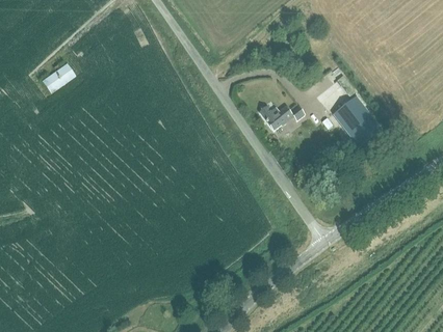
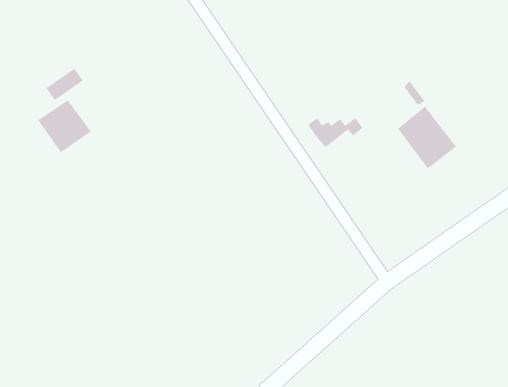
building: none -> [38,100,91,153]

